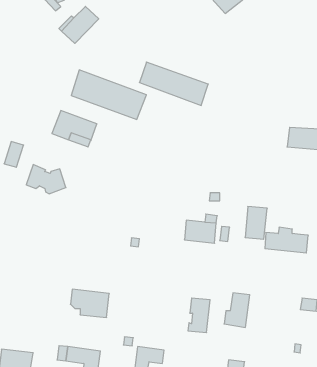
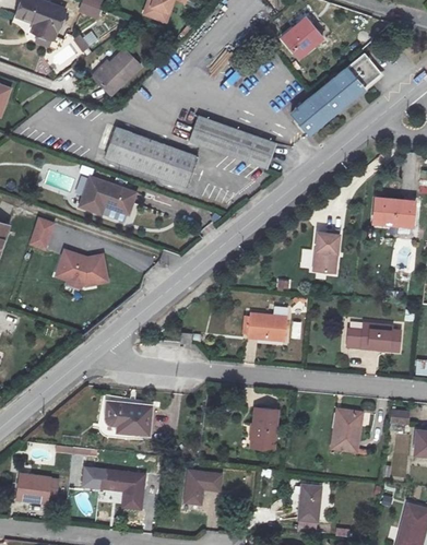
building: none -> [290,52,381,134]
building: [245,207,267,239] -> [312,233,340,273]
building: [224,293,250,327] -> [330,412,361,454]

